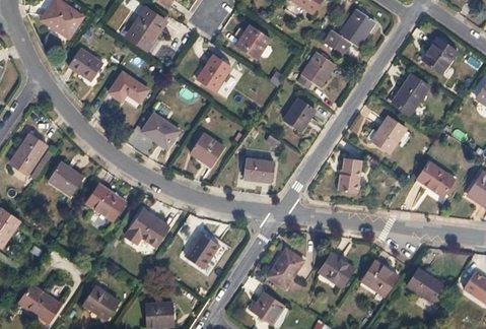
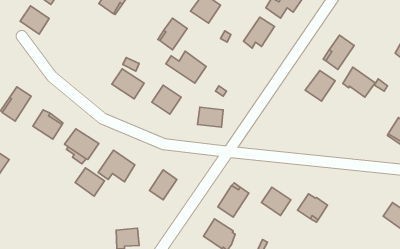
building: [423,36,458,73] -> none
building: [68,47,102,80] -> [20,6,49,34]
building: [108,71,147,102] -> none
building: none -> [166,51,206,83]
building: [283,98,315,131] -> none
building: [337,156,361,191] -> none
building: [416,159,455,195] -> [343,67,375,97]
building: [407,267,441,300] -> none
building: [19,284,61,322] -> none
building: [83,286,118,320] -> [75,168,104,196]

